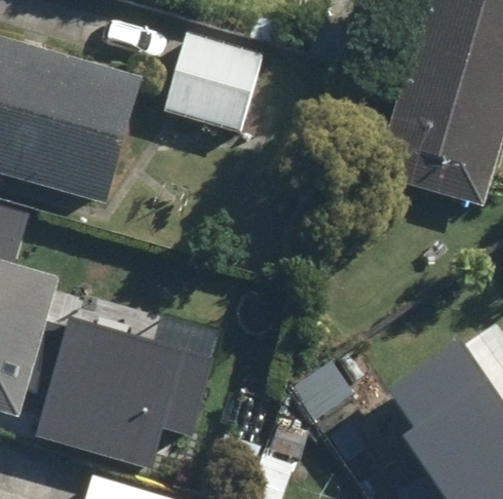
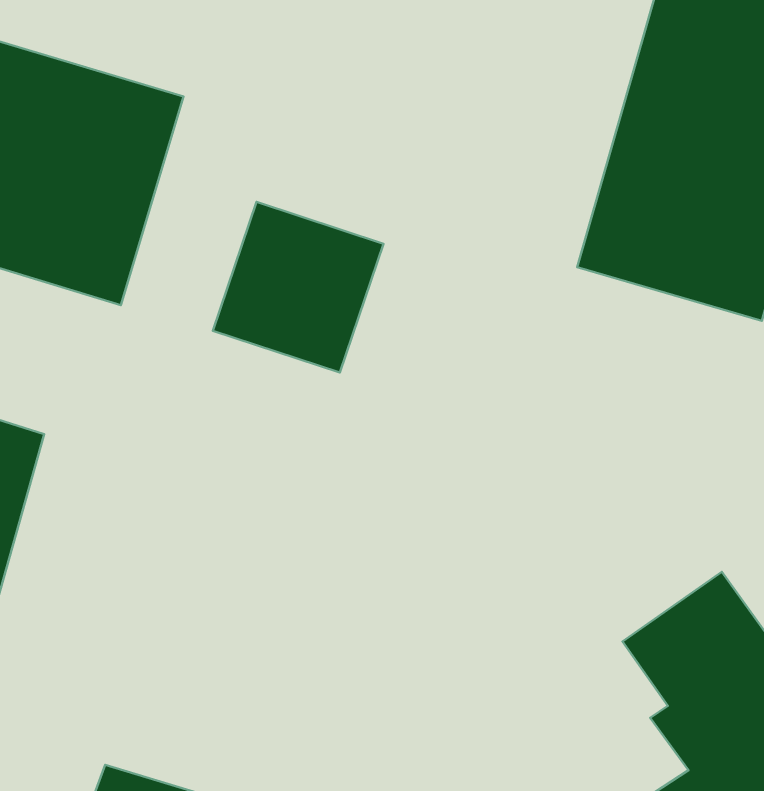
building: [163,31,264,131] -> [213,202,384,373]
building: [41,313,206,459] -> none

